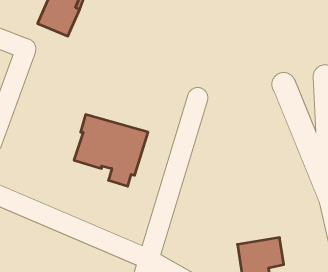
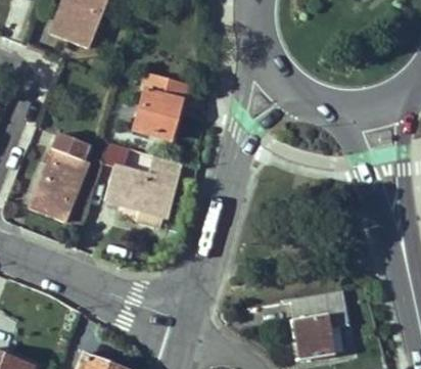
building: none -> [133,75,186,137]
building: none -> [31,134,90,224]

